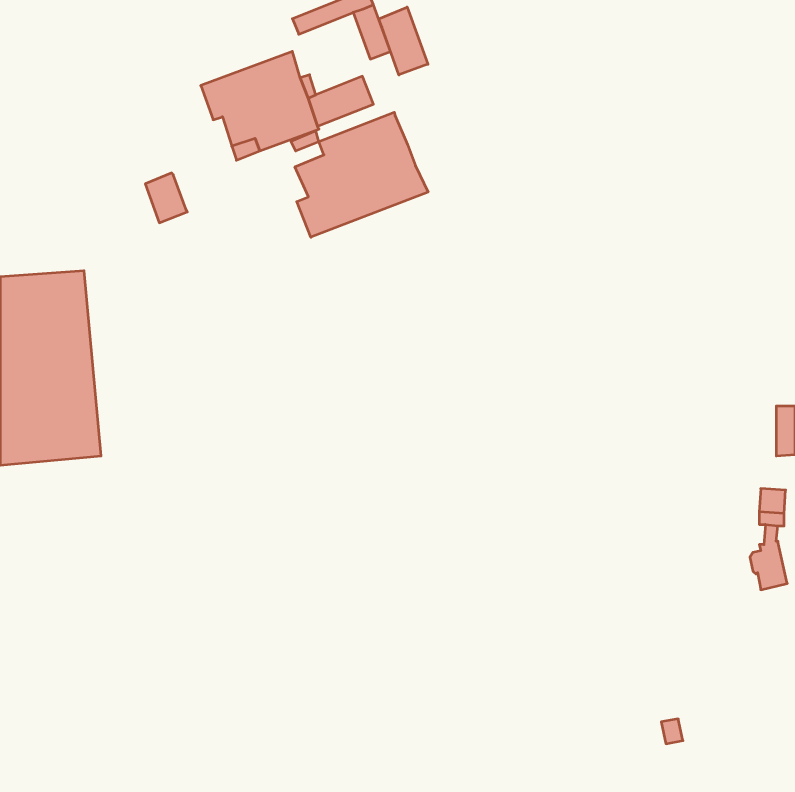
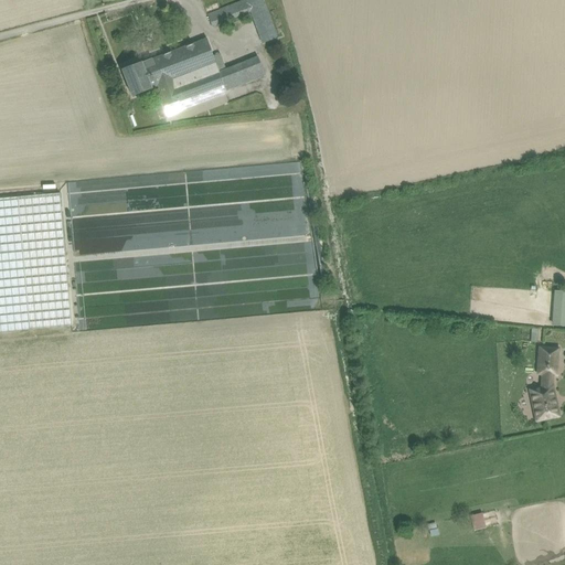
building: [379,7,428,75] -> none
building: [295,112,428,237] -> none
building: [145,173,187,223] -> [122,60,152,95]

